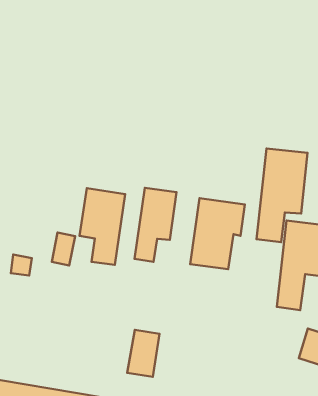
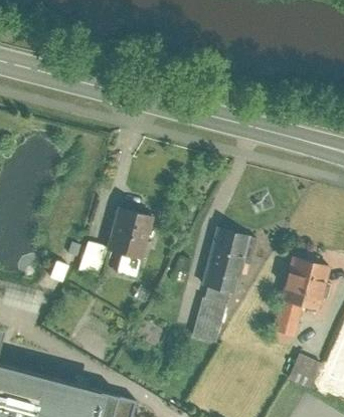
building: [257,149,308,242] -> none
building: [134,188,177,262] -> none
building: [127,330,159,377] -> [194,300,226,344]

